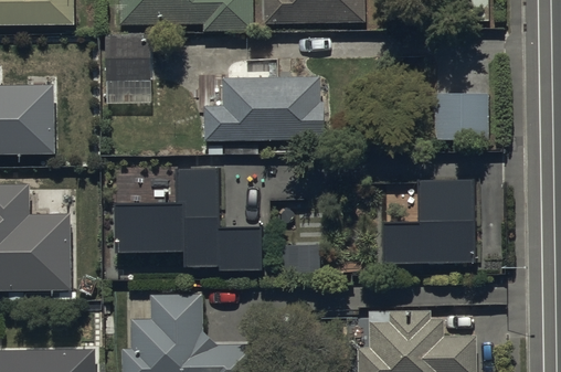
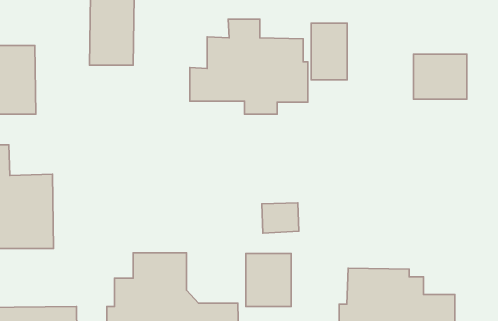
building: none -> [311,23,347,80]
building: [113,168,261,270] -> none
building: [381,178,473,262] -> none
building: none -> [246,253,291,307]

